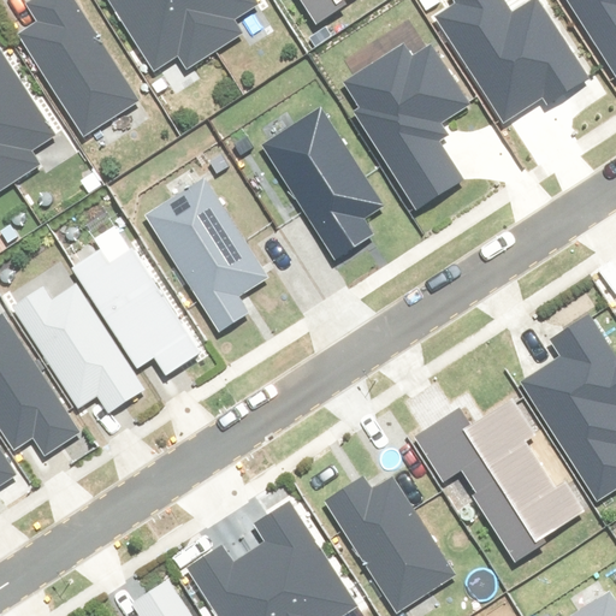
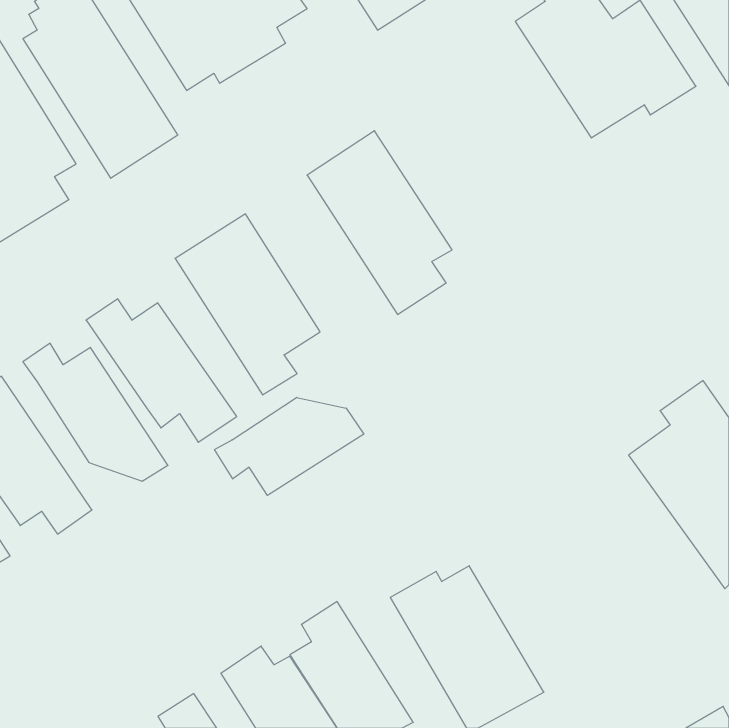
building: [340,47,463,203] -> none
building: none -> [215,397,364,495]
building: [414,393,593,565] -> none

